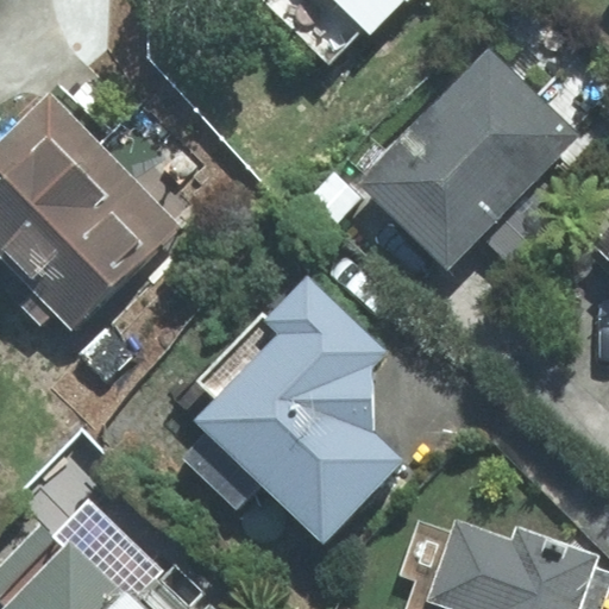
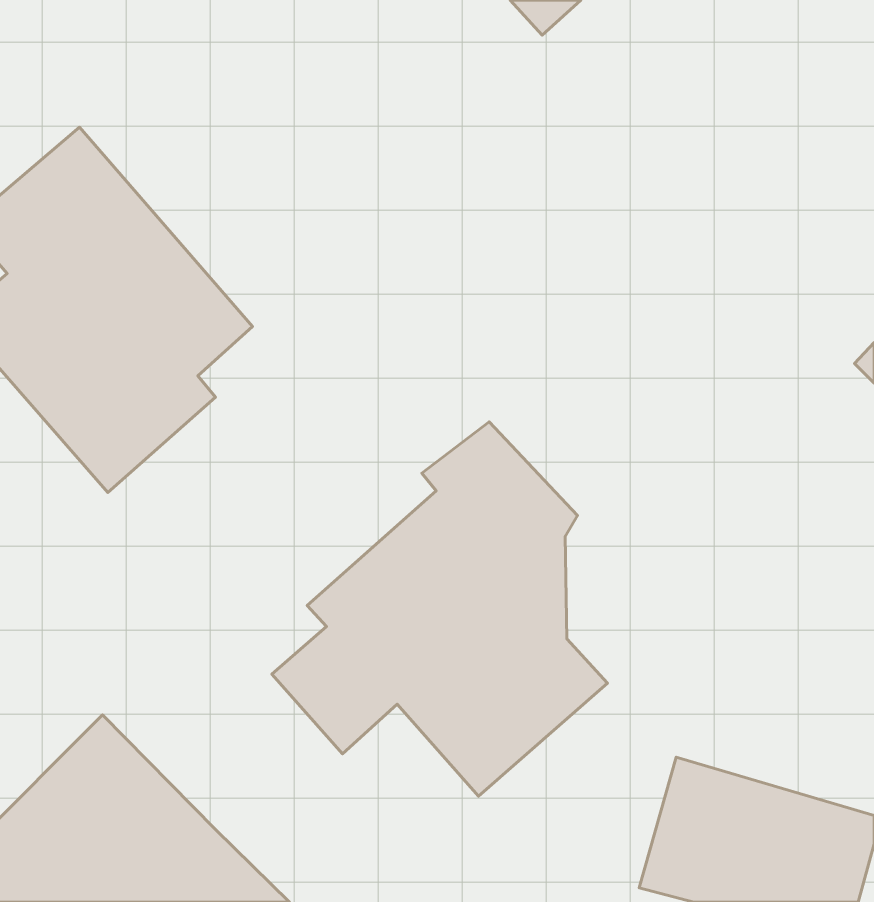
building: [359,58,583,275] -> none

